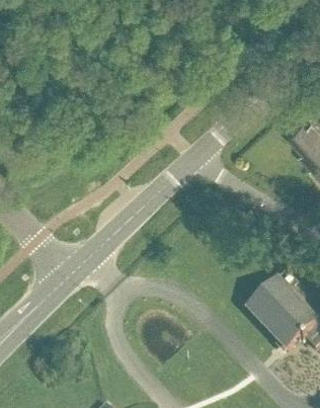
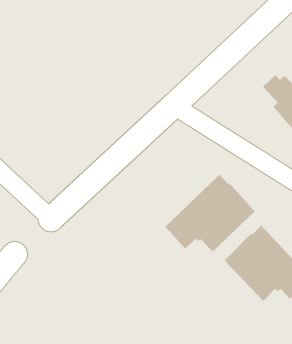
building: none -> [165,174,256,253]

